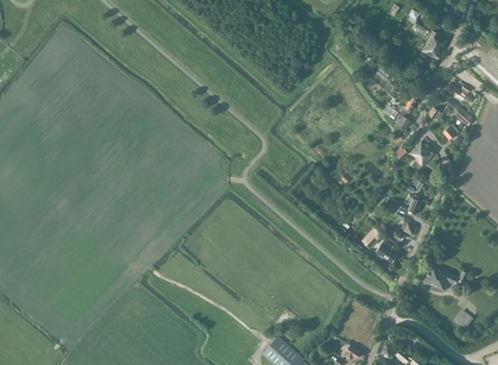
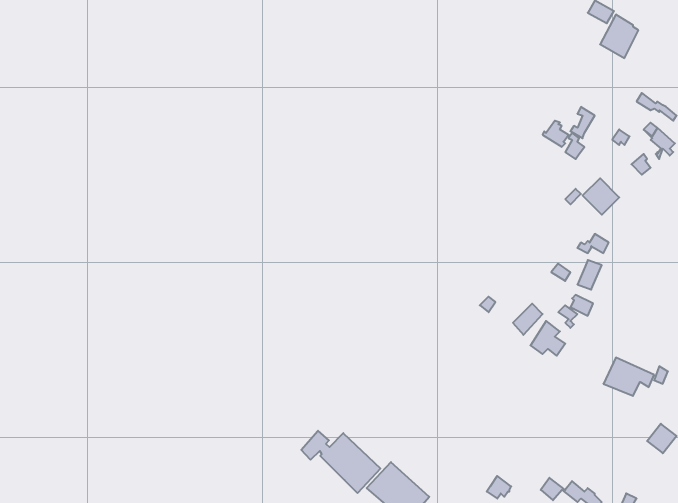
building: none -> [301,431,380,493]

